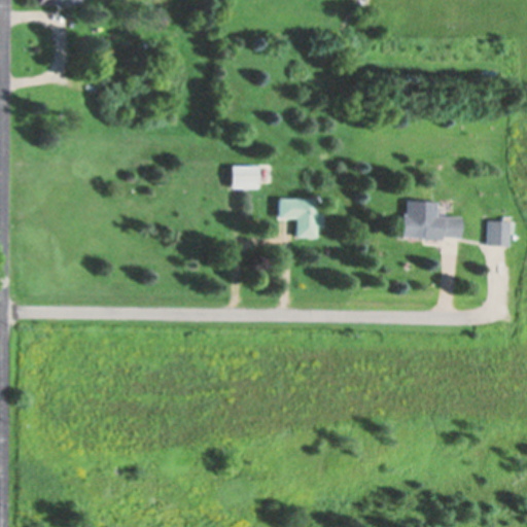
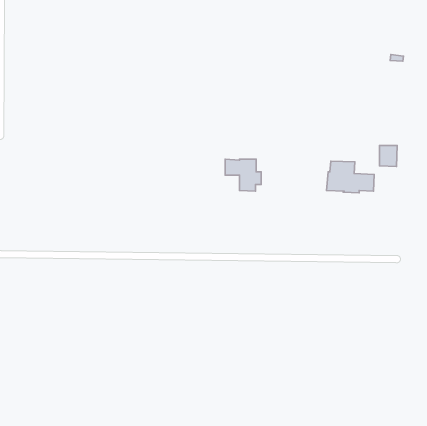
building: [231,166,256,188] -> none
building: [489,221,511,247] -> [380,146,397,167]

